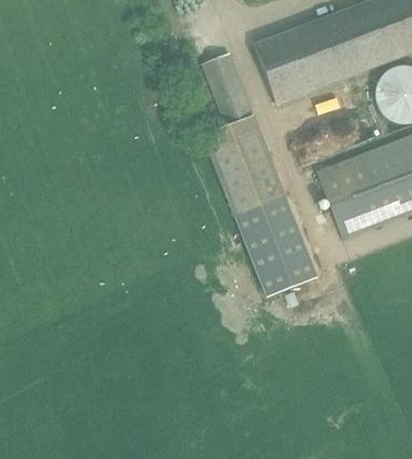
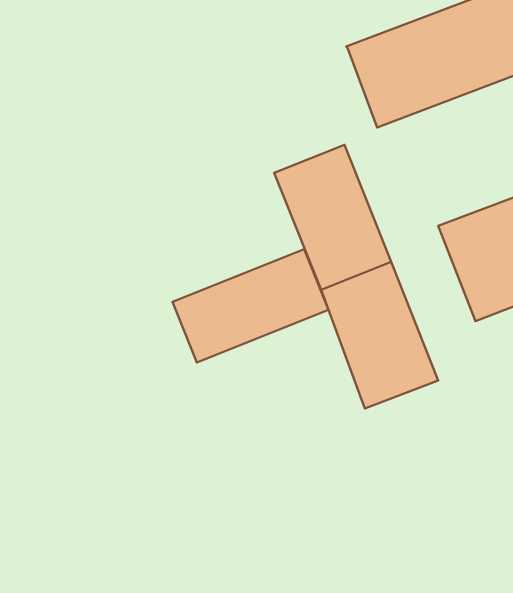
building: [203,53,251,120] -> none
building: none -> [172,249,328,363]

